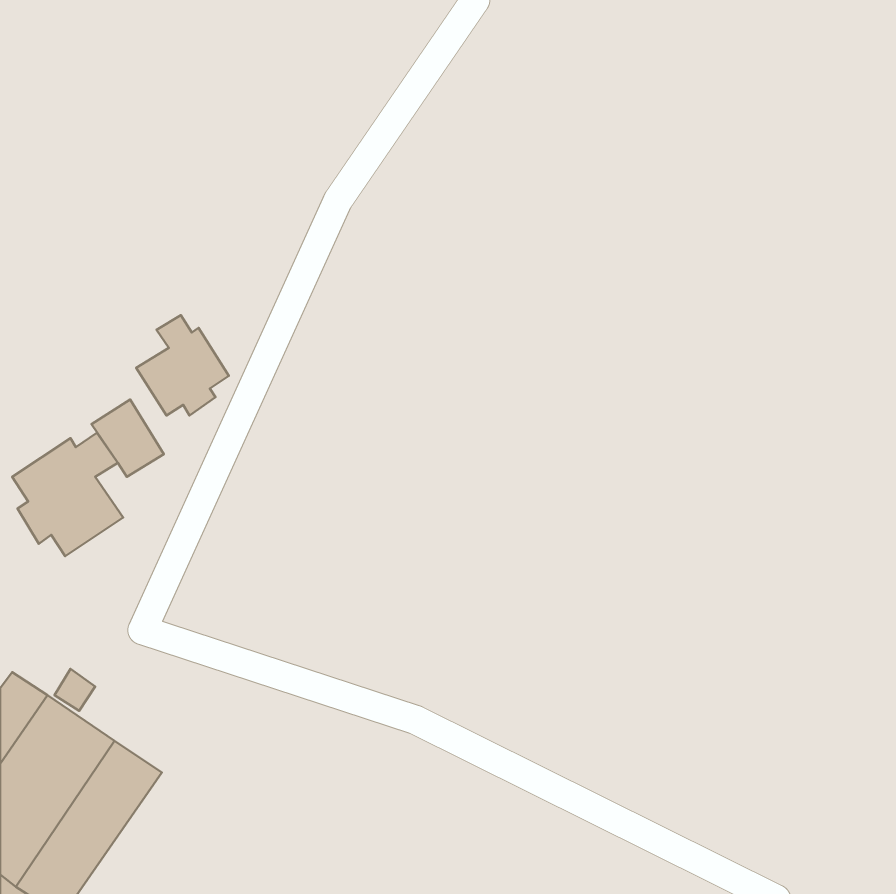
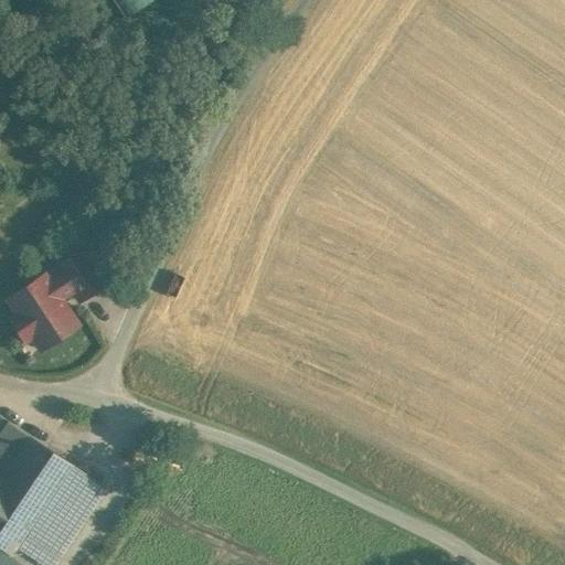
building: [136,315,229,416] -> none

